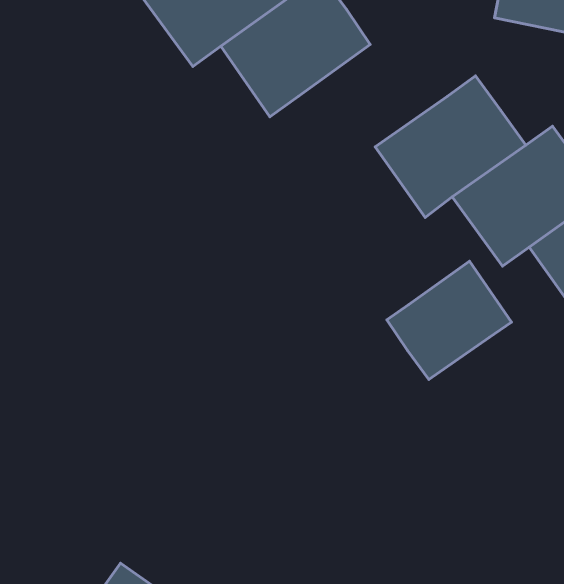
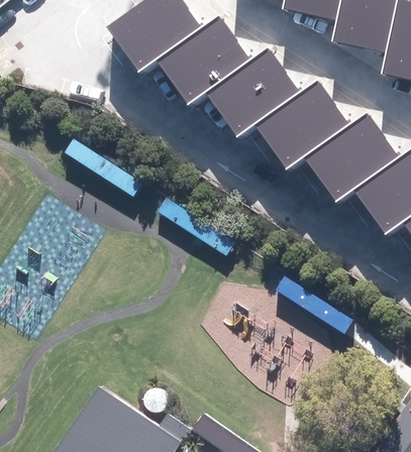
building: none -> [208,48,304,139]
building: [387,261,511,380] -> none

